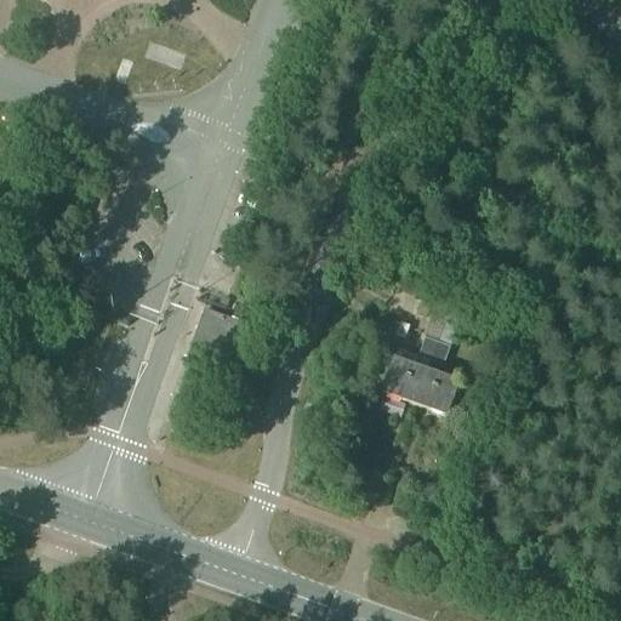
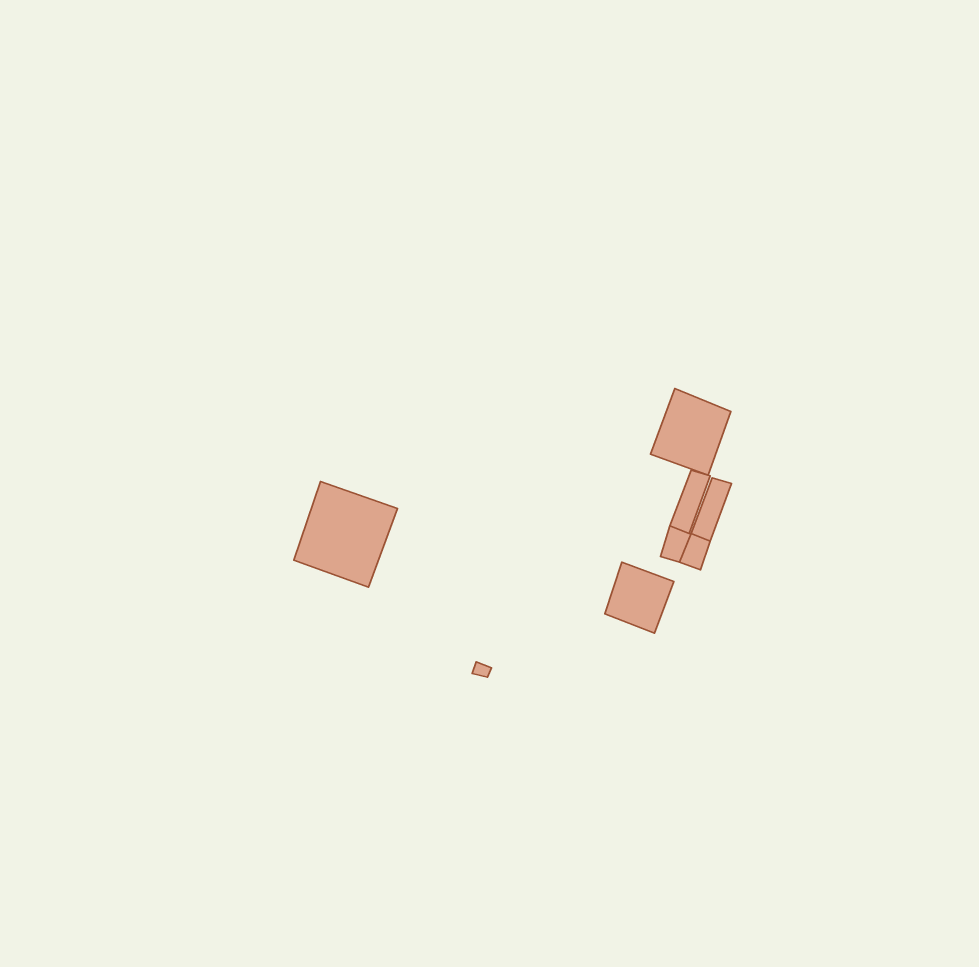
building: none -> [651,388,731,475]
building: [414,368,457,411] -> none

